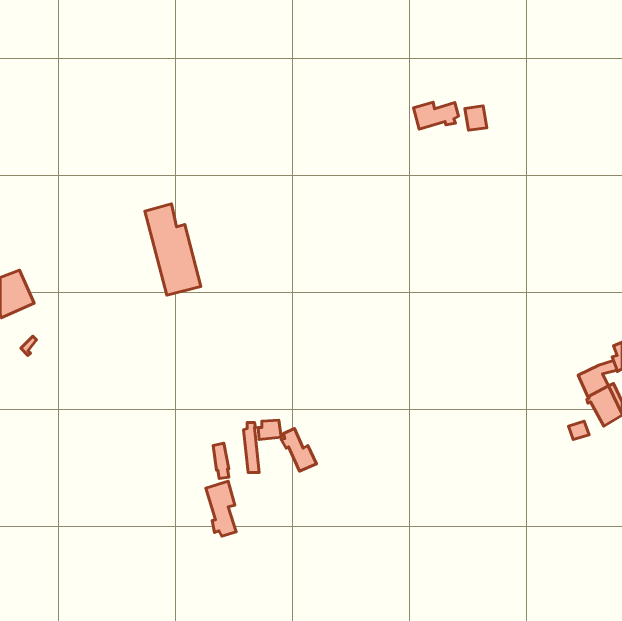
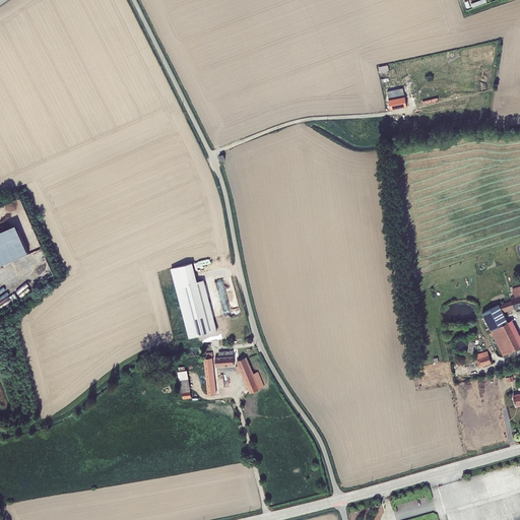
building: [413,102,458,129] -> none
building: [145,204,201,295] -> [171,263,217,339]
building: [206,481,236,536] -> none

